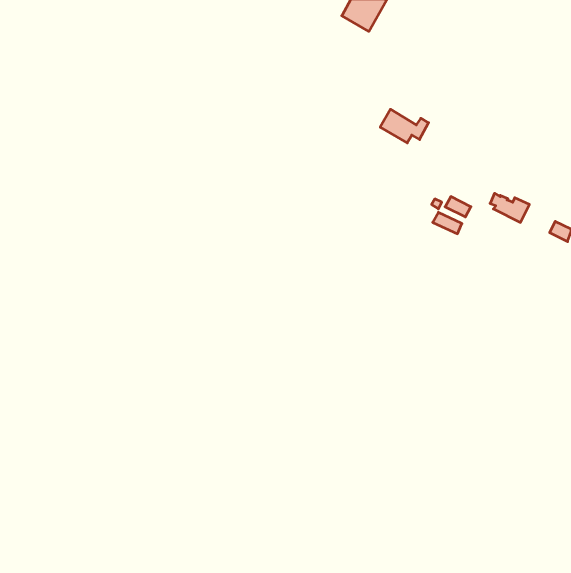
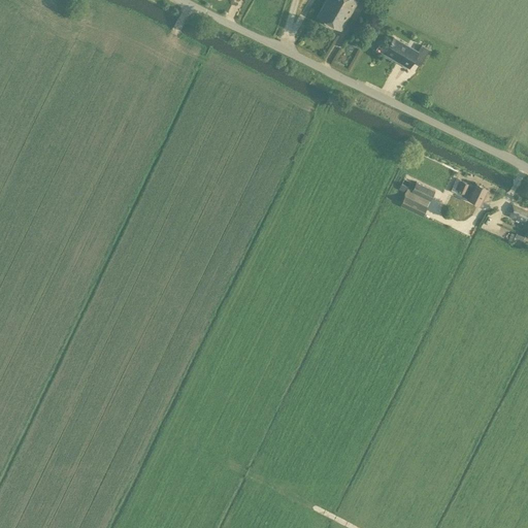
building: [380,109,429,143] -> [382,36,426,67]

